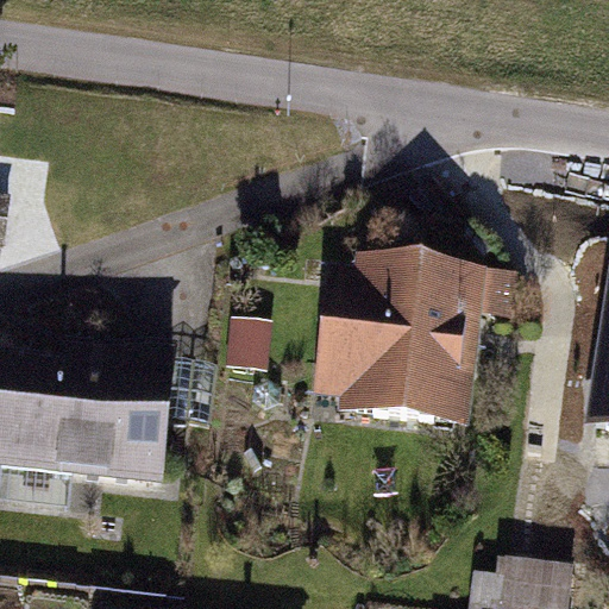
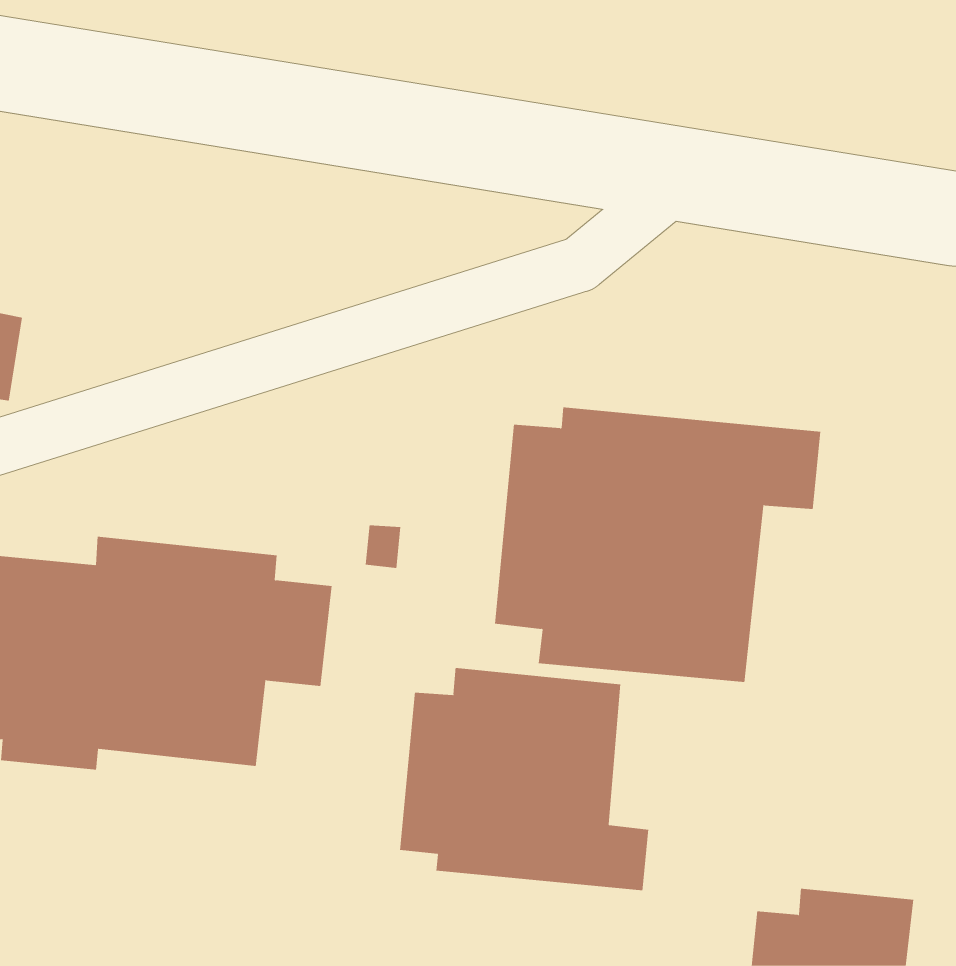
building: none -> [399,667,649,891]

